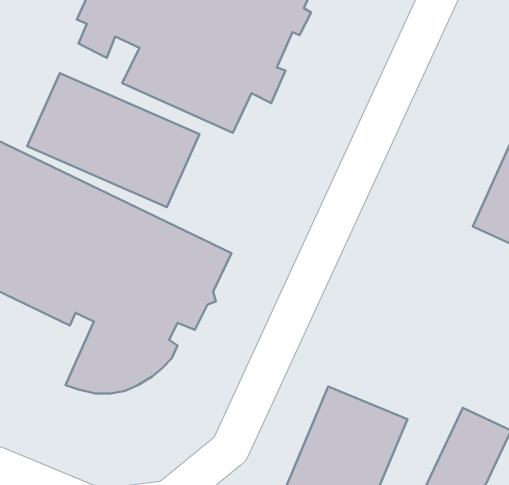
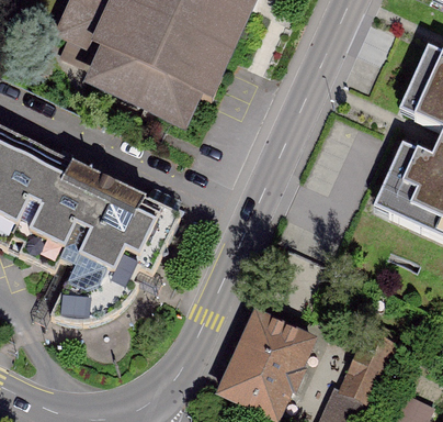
building: [27,73,200,207] -> none

